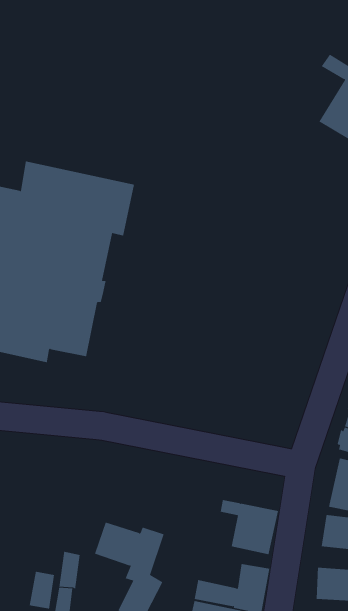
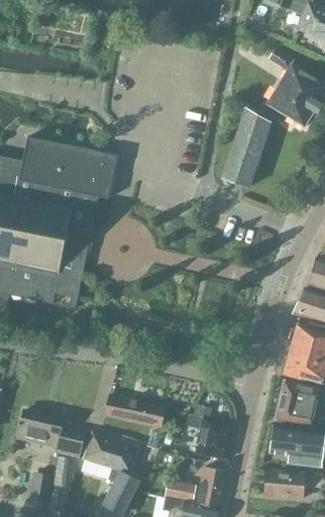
building: none -> [222,108,269,187]
building: none -> [105,394,165,427]
building: none -> [16,411,85,457]

